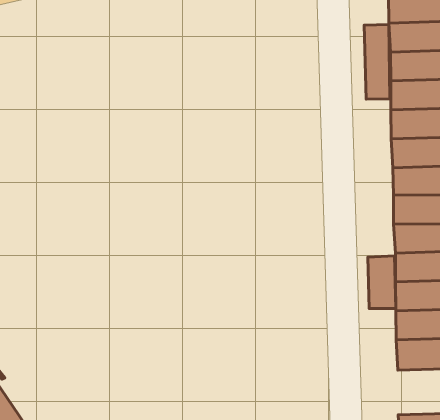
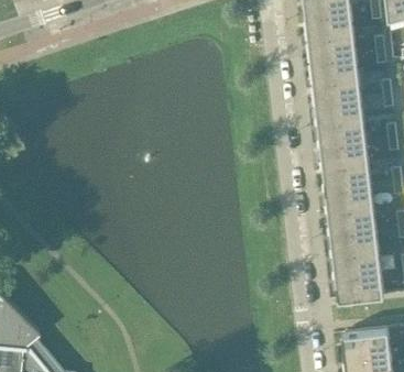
building: [364,24,390,99] -> none
building: [368,256,396,309] -> none

